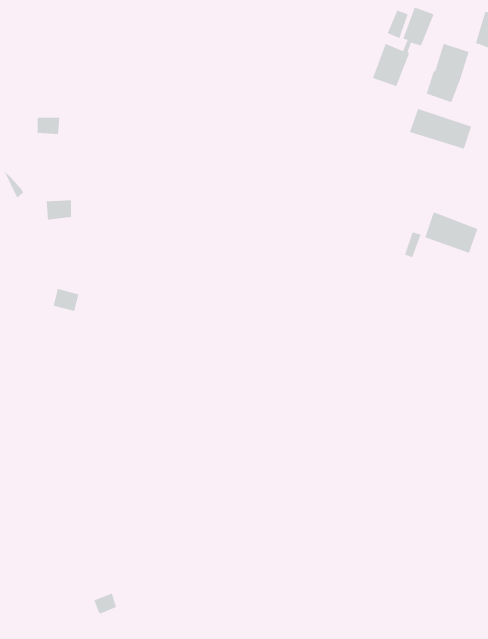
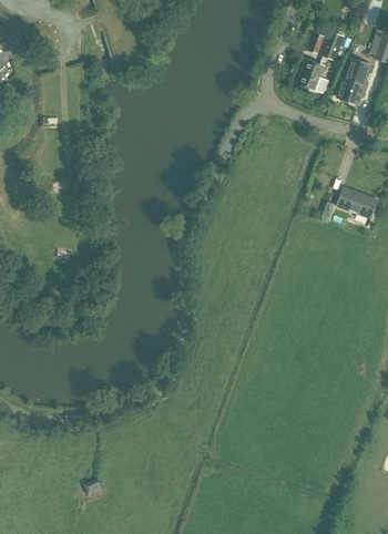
building: [409,108,472,150] -> none

